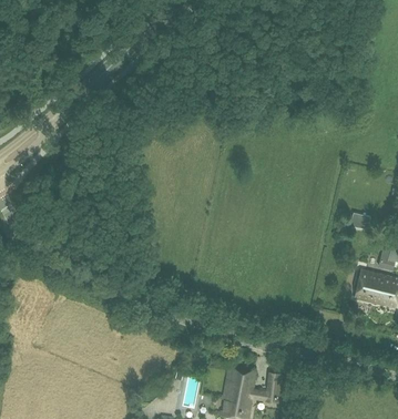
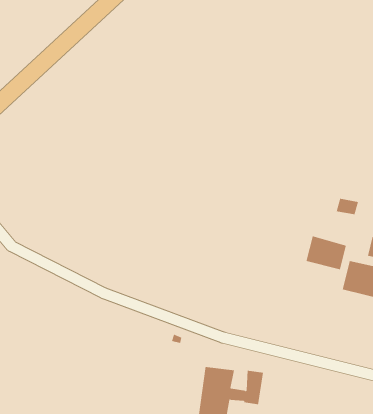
building: none -> [306,236,347,270]

